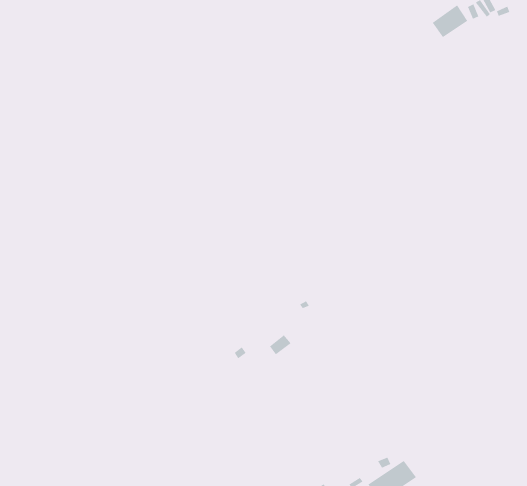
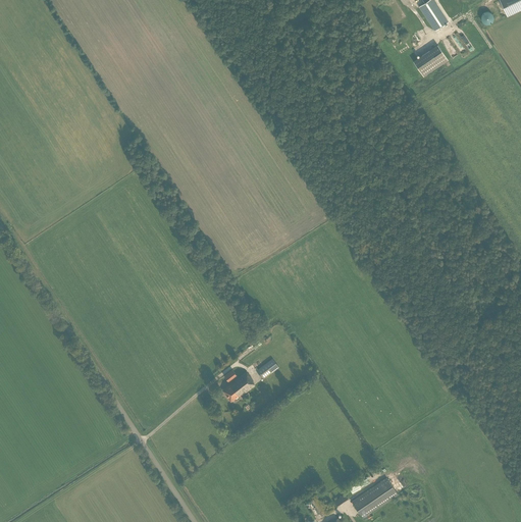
building: none -> [221,371,254,401]

